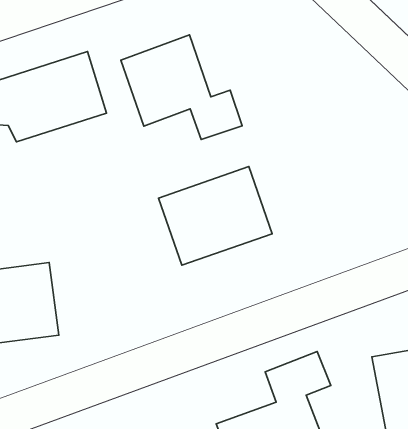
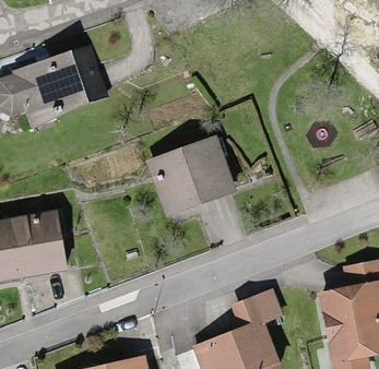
building: [121,35,242,139] -> none

